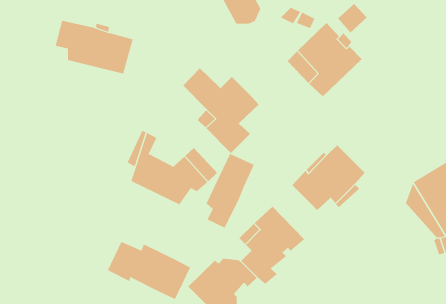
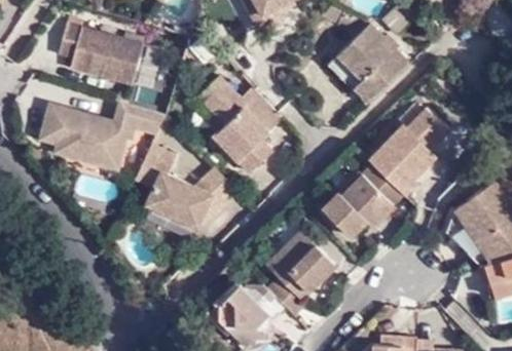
building: none -> [46,106,172,173]
building: none -> [366,110,444,194]
building: [206,153,255,228] -> none
building: [107,241,191,300] -> none

